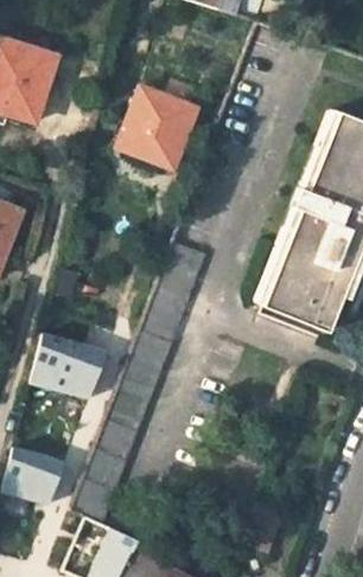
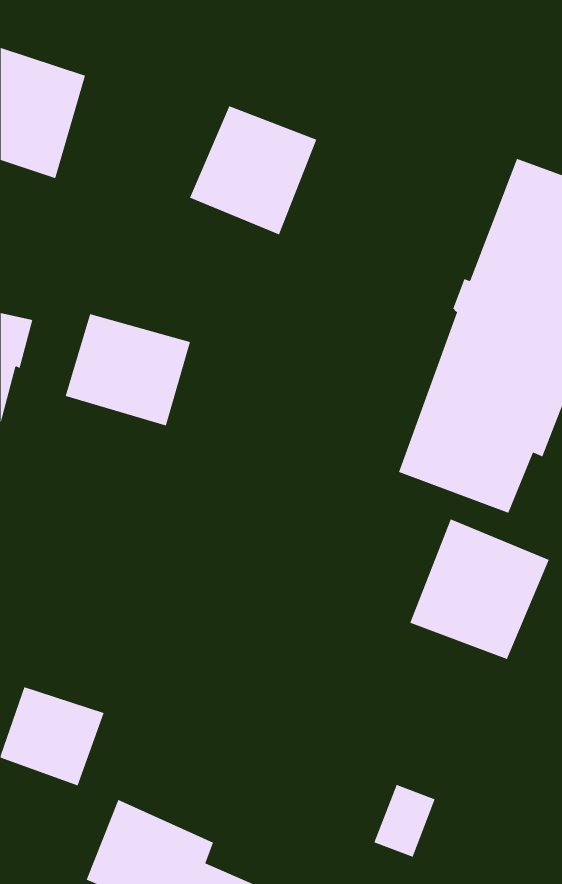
building: [70,245,203,520] -> none
building: [30,331,109,402] -> [65,313,191,426]
building: none -> [410,518,549,660]

